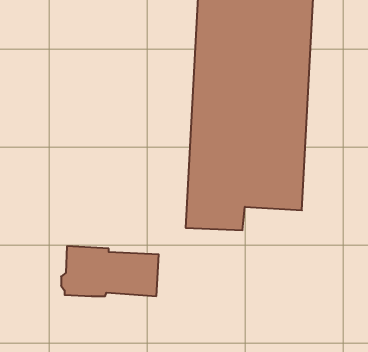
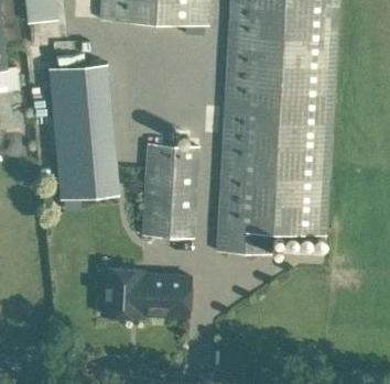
building: none -> [48,65,120,201]
building: none -> [143,145,199,239]

